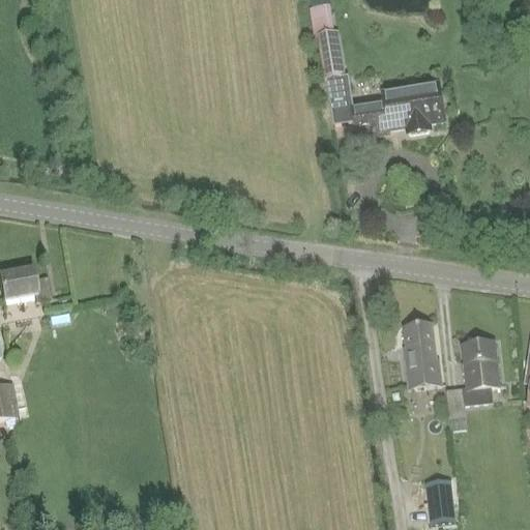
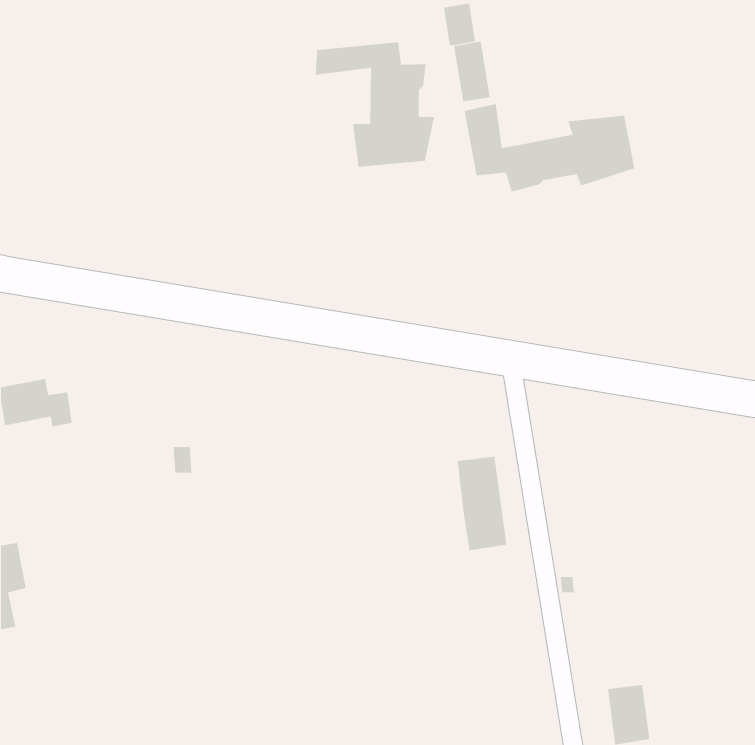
building: none -> [315,42,435,167]
building: [405,321,440,387] -> [457,456,507,551]
building: [446,341,498,428] -> none

